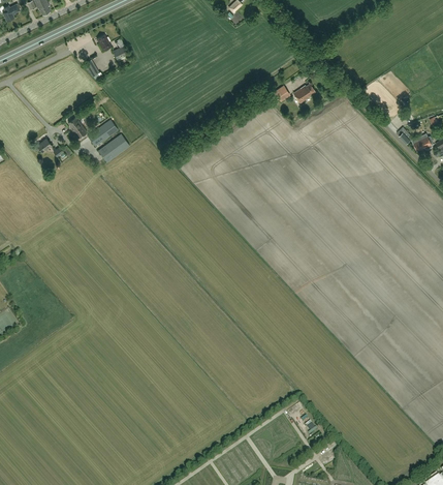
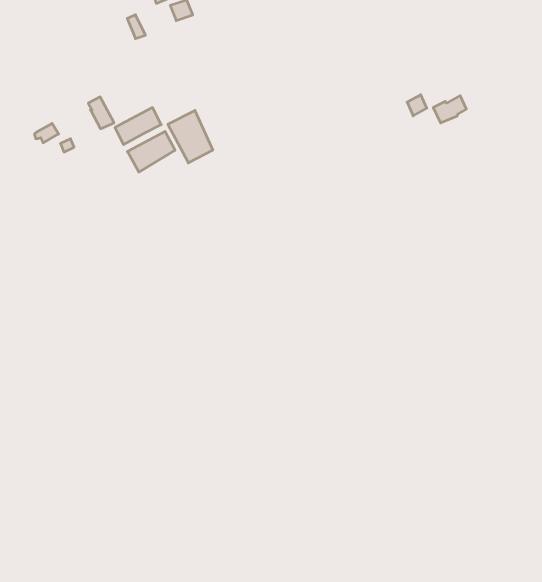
building: none -> [168,110,213,163]

